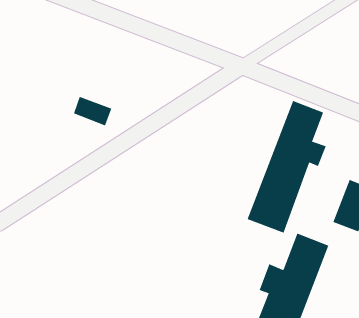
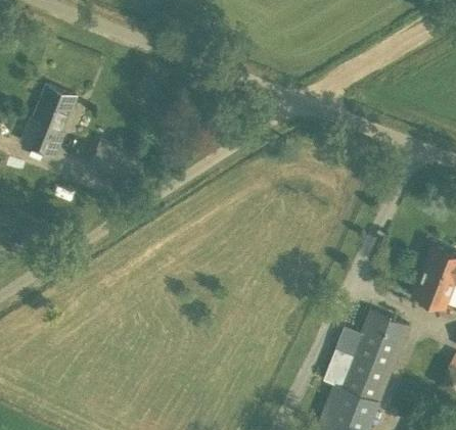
building: none -> [18,86,78,159]
building: [247,100,326,233] -> none

